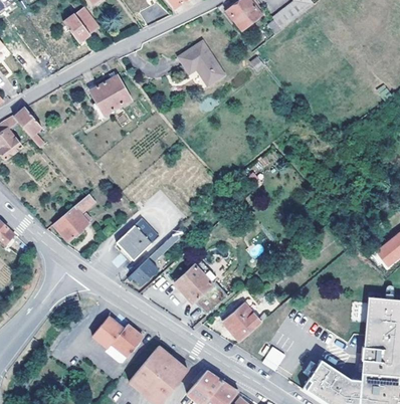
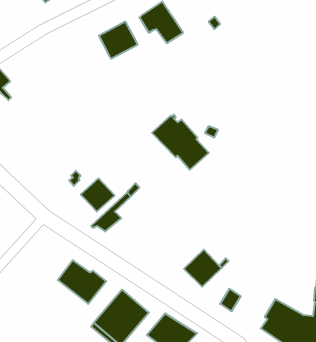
building: [90,75,132,115] -> [99,22,138,59]
building: [52,191,96,241] -> none
building: [167,256,227,315] -> [152,115,209,170]

